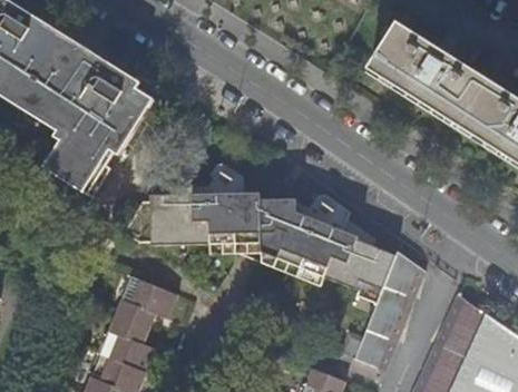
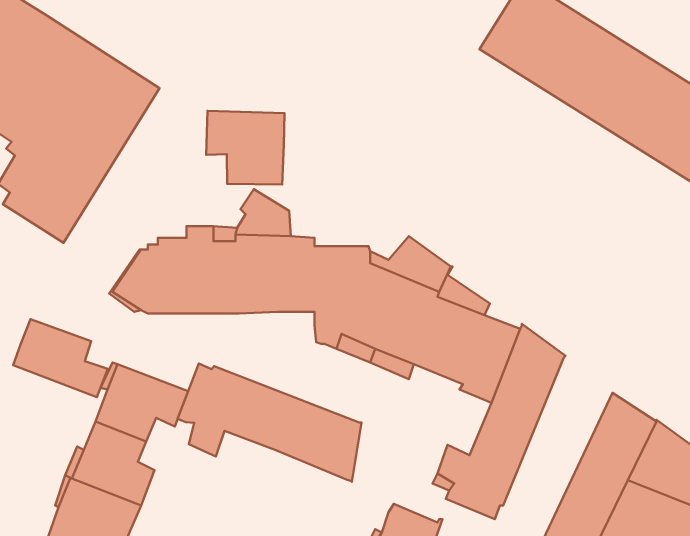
building: none -> [206,111,284,185]
building: none -> [13,319,108,397]
building: none -> [178,364,361,482]

